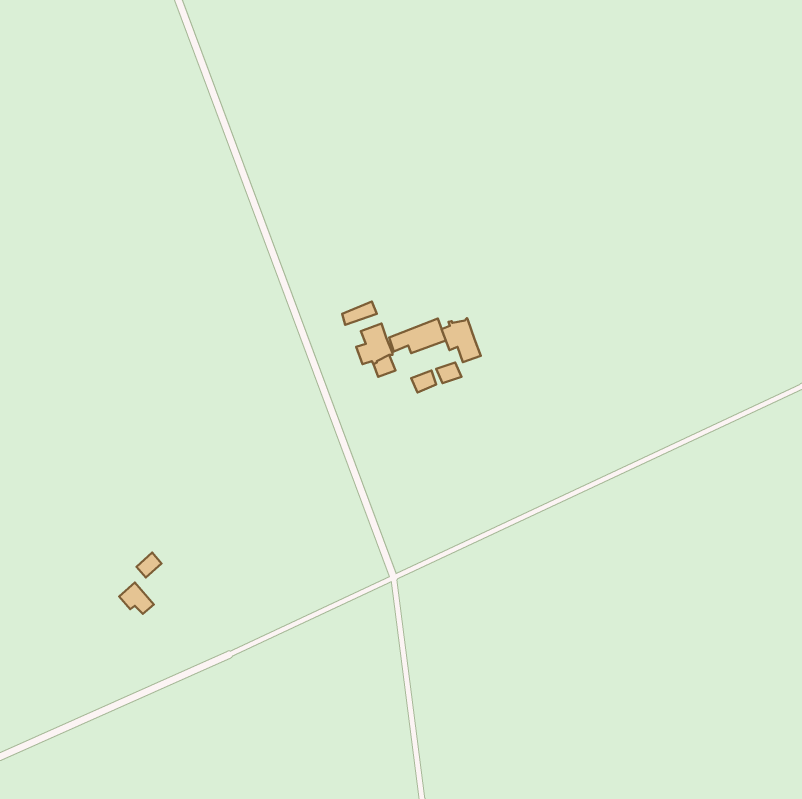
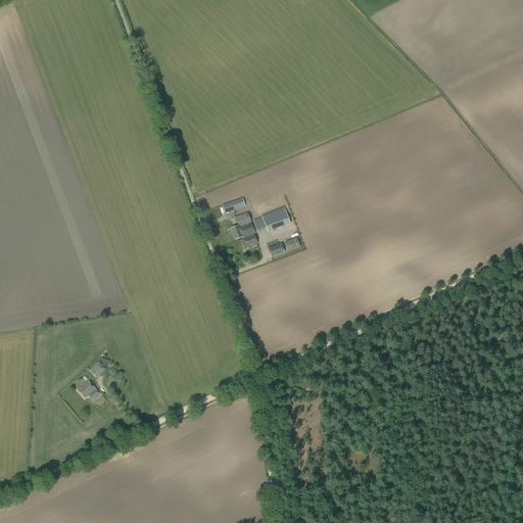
building: [442,318,481,362] -> none

